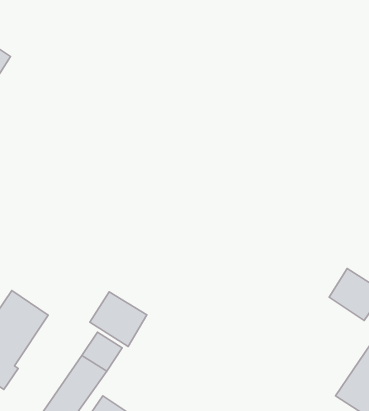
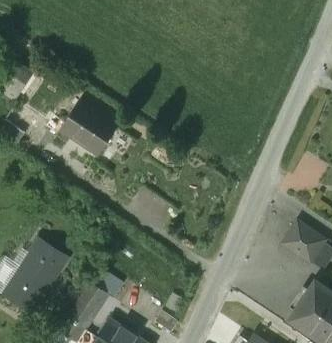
building: none -> [61,99,119,154]
building: [90,292,147,346] -> none

